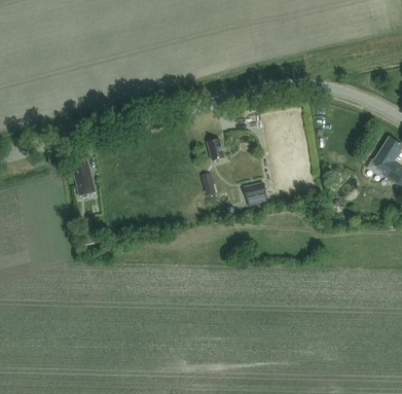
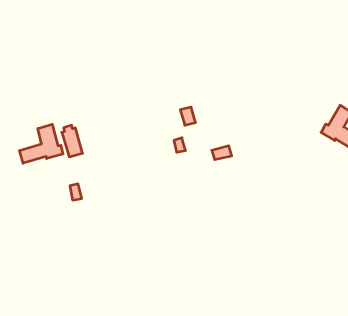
building: none -> [19,124,63,163]

